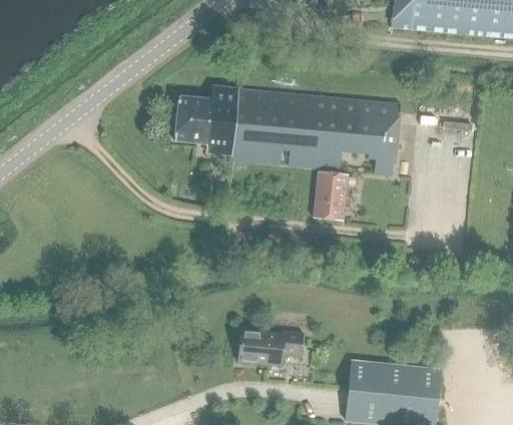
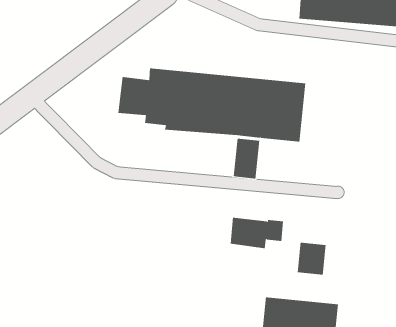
building: none -> [297,242,326,275]
building: [238,327,304,365] -> [230,217,284,249]

